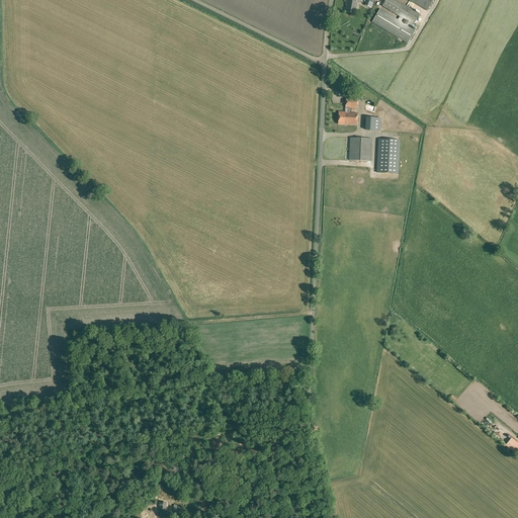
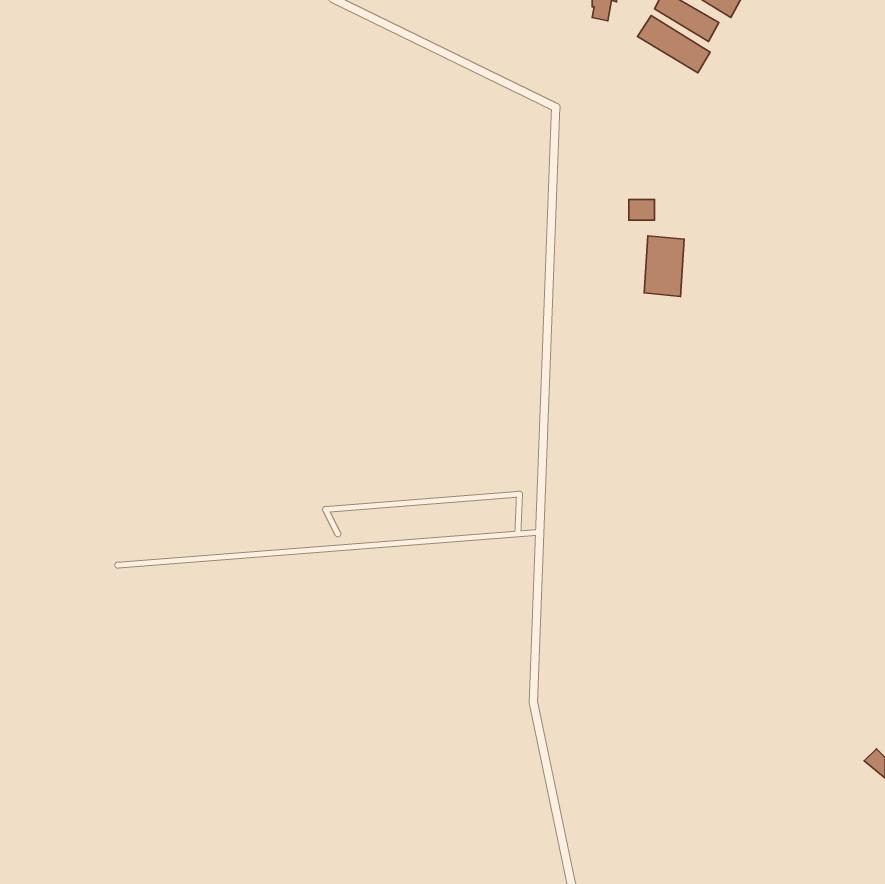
building: [338,97,358,123] -> none
building: [349,137,372,161] -> none

